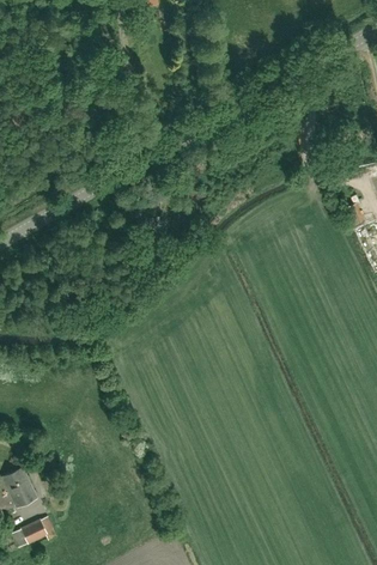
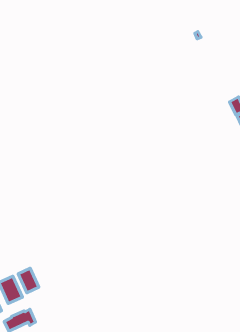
building: none -> [18,268,39,293]

